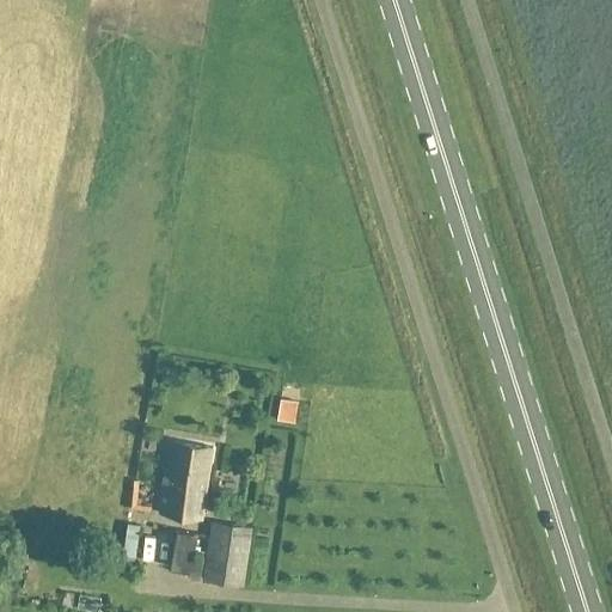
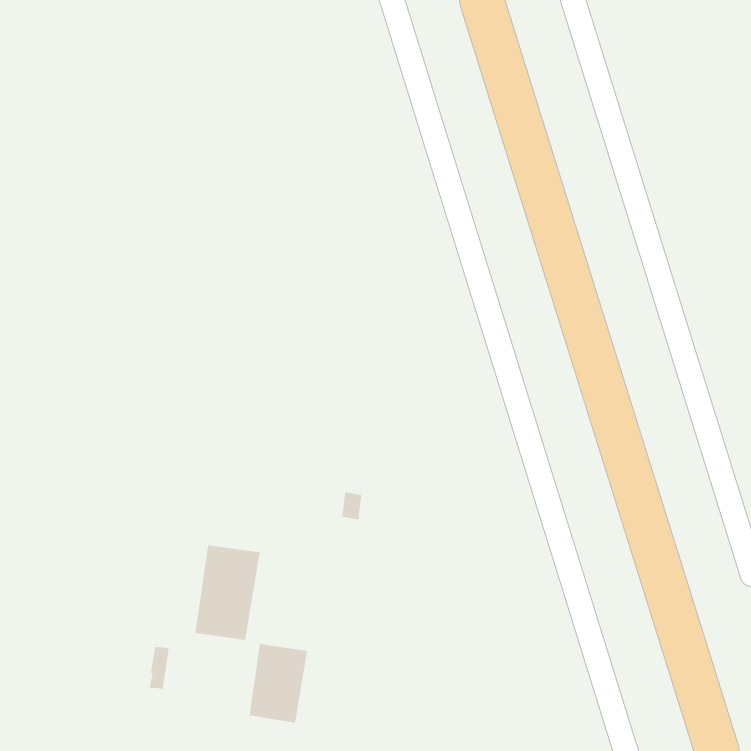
building: [167,533,202,582] -> none

